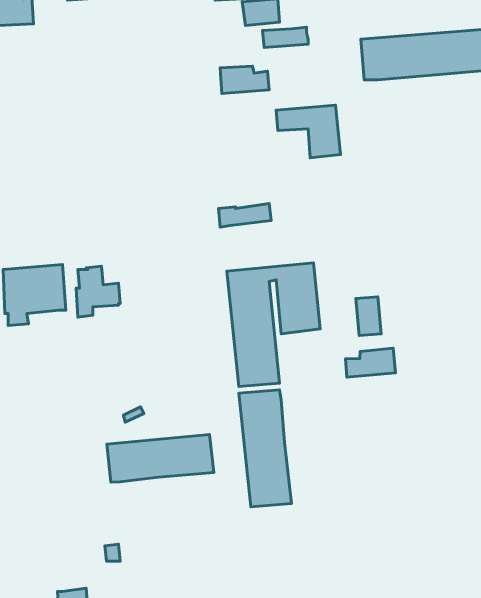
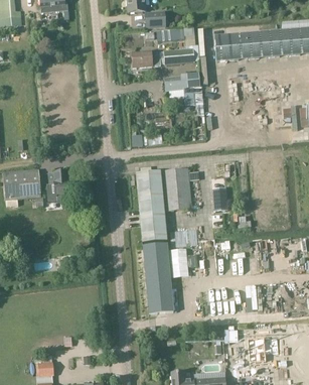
building: none -> [165,44,199,63]
building: [346,348,396,377] -> none
building: [107,435,214,482] -> none

